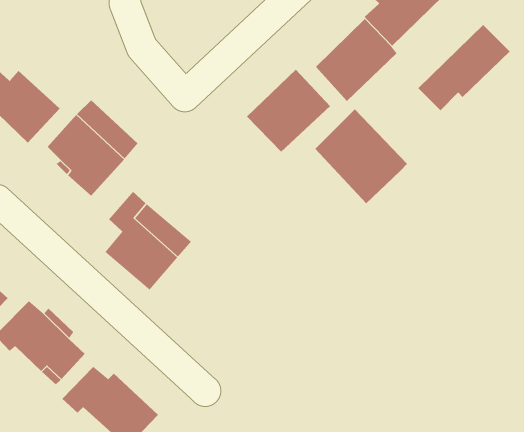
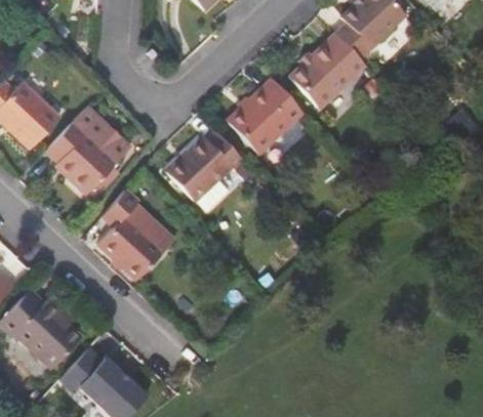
building: [417,24,511,111] -> none
building: [315,109,408,204] -> none
building: none -> [166,130,244,200]

